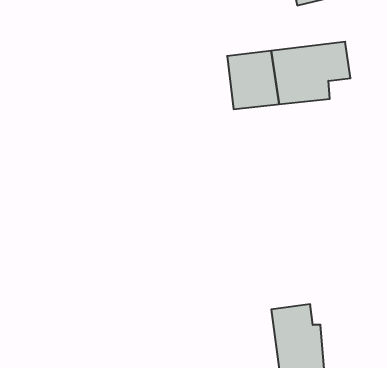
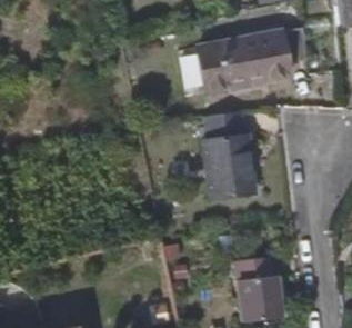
building: none -> [205,113,253,200]

